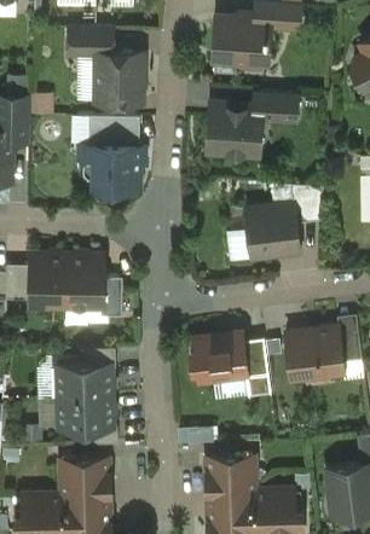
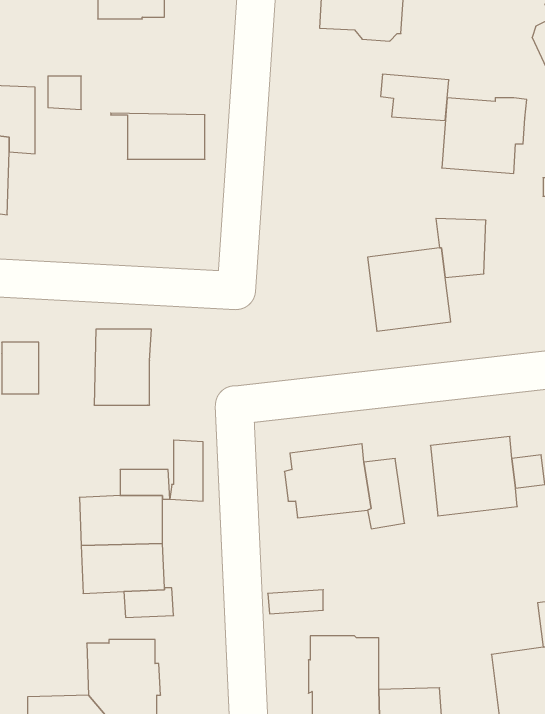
building: [96,53,140,101] -> none
building: [206,105,261,155] -> [442,98,527,173]
building: [81,146,138,188] -> none
building: [29,256,67,307] -> none
building: [99,278,121,318] -> [170,440,203,501]

